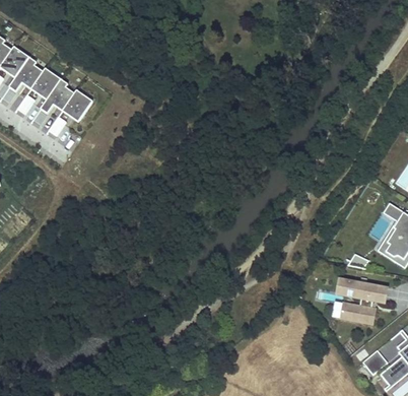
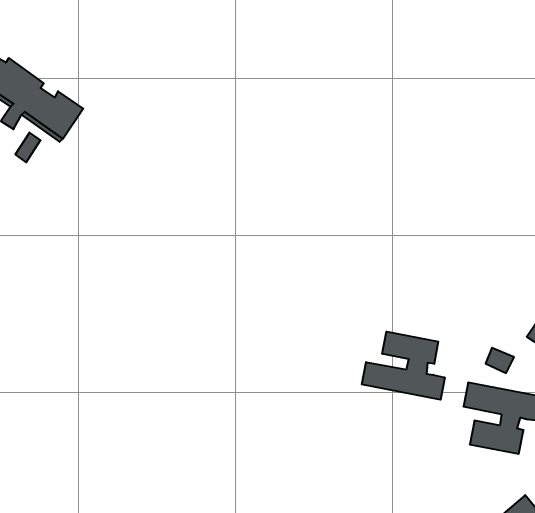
building: none -> [362,332,445,400]

